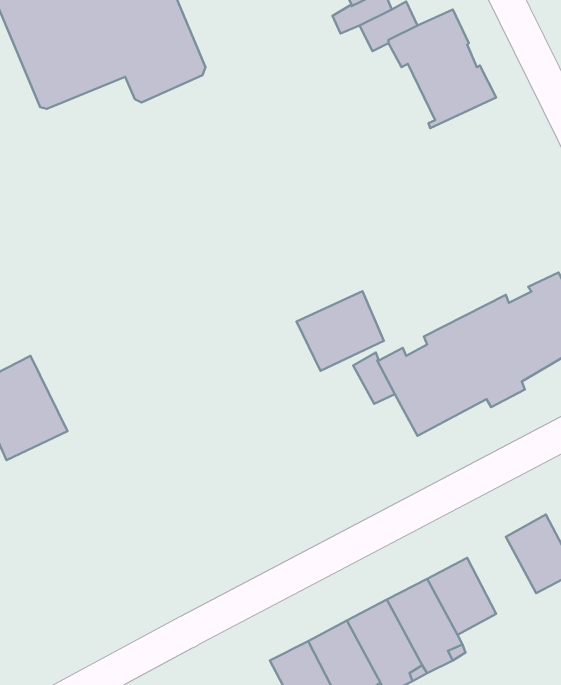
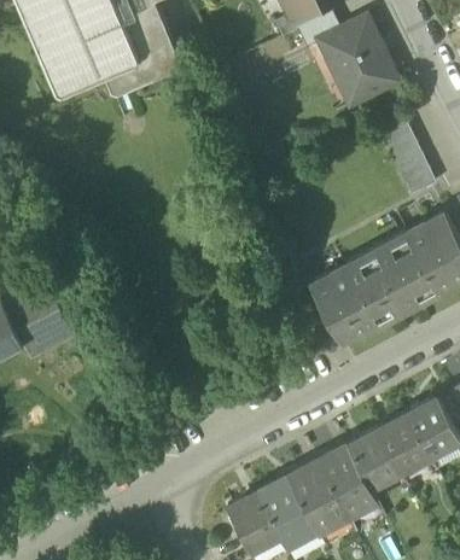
building: none -> [378,121,435,198]
building: [297,291,384,371] -> none
building: none -> [377,416,429,474]

